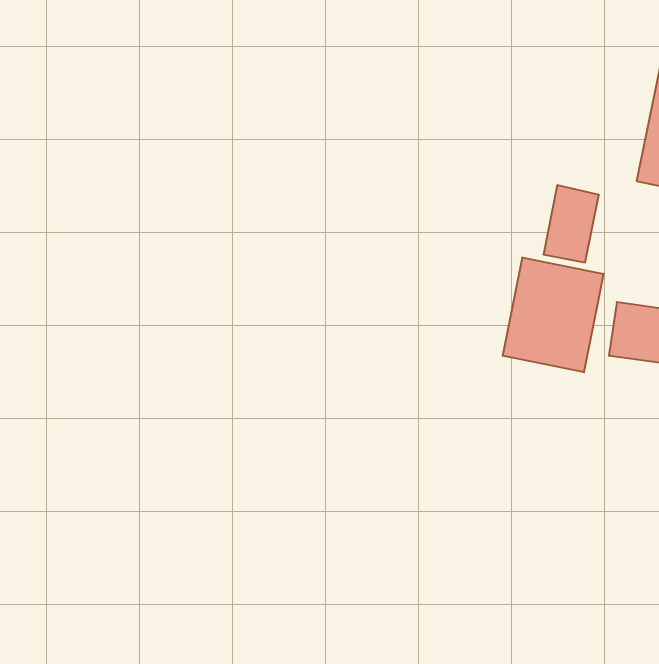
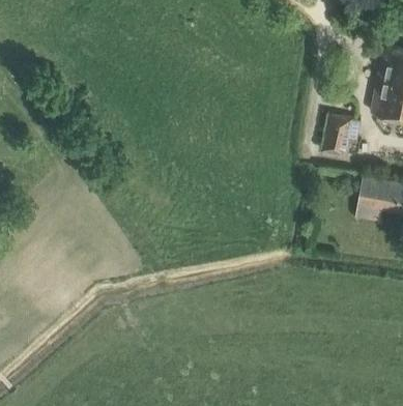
building: [503,257,604,372] -> none

